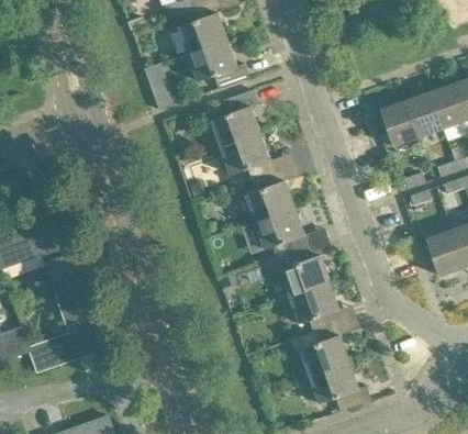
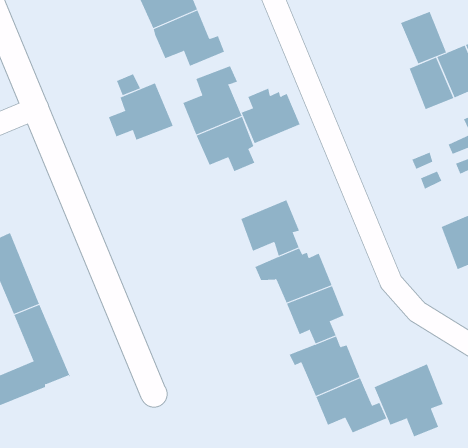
building: [379,101,417,146] -> [400,11,447,64]
building: none -> [108,83,173,141]
building: [244,175,294,222] -> [241,88,300,144]
building: none -> [374,364,444,437]

